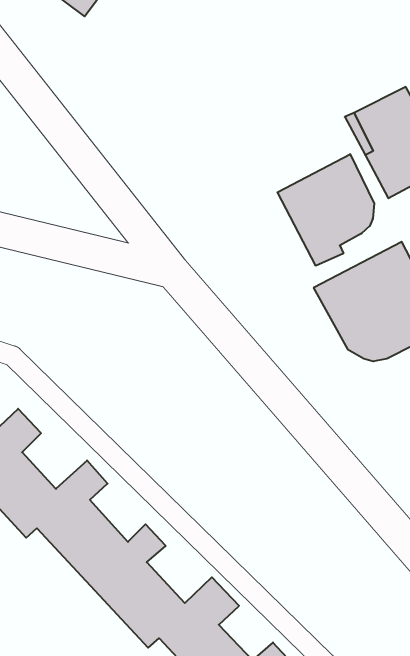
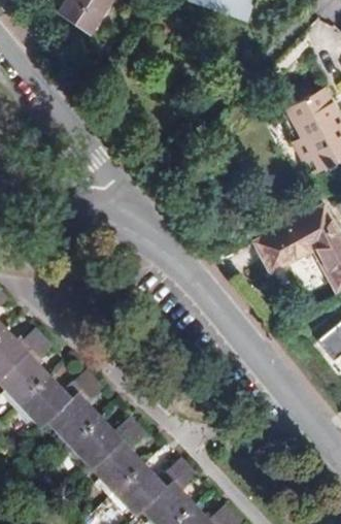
building: [277,154,374,266] -> none

